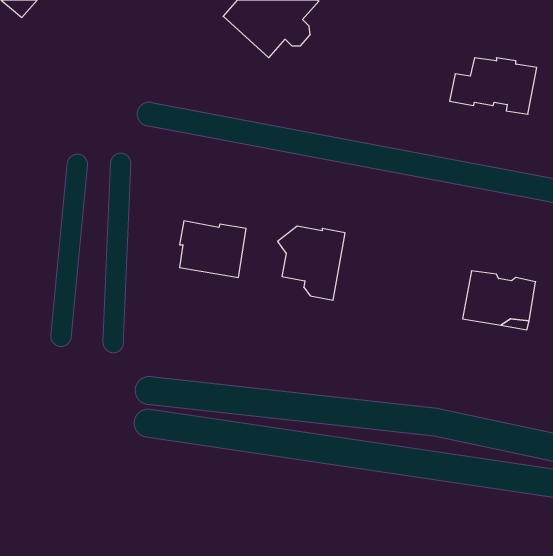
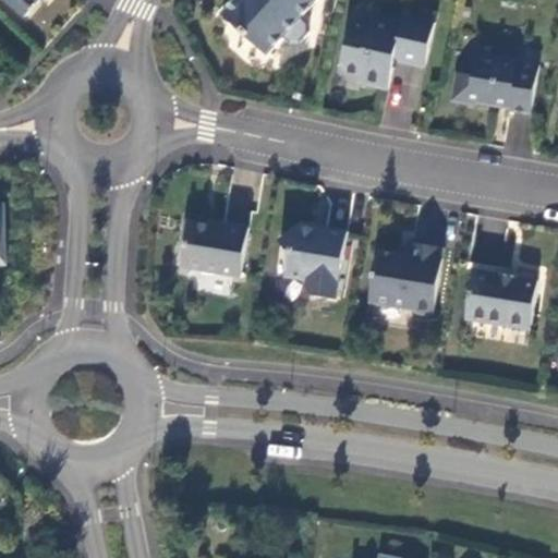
building: none -> [339,10,435,90]
building: none -> [366,244,442,316]

